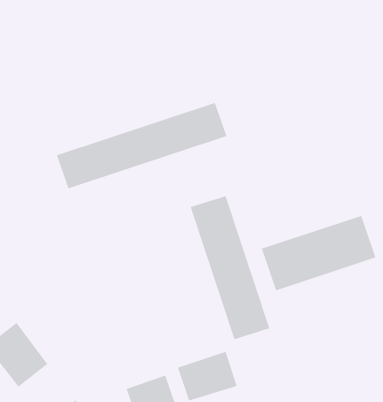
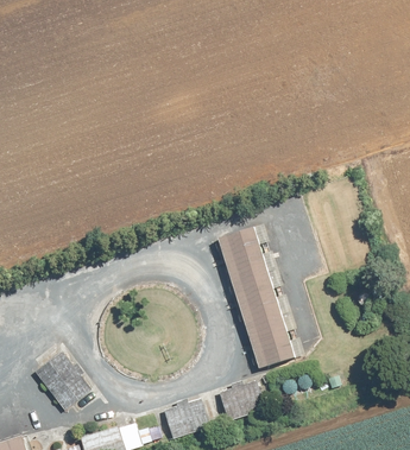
building: [56,102,227,189] -> none
building: [261,215,376,291] -> none

